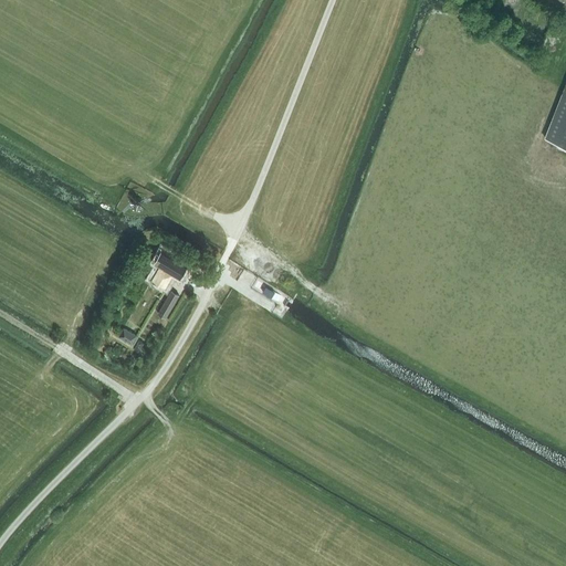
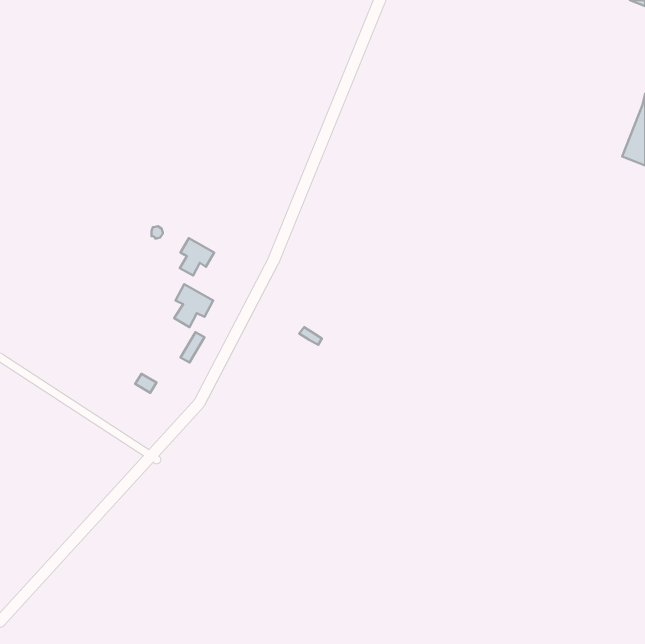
building: none -> [180,238,214,276]

